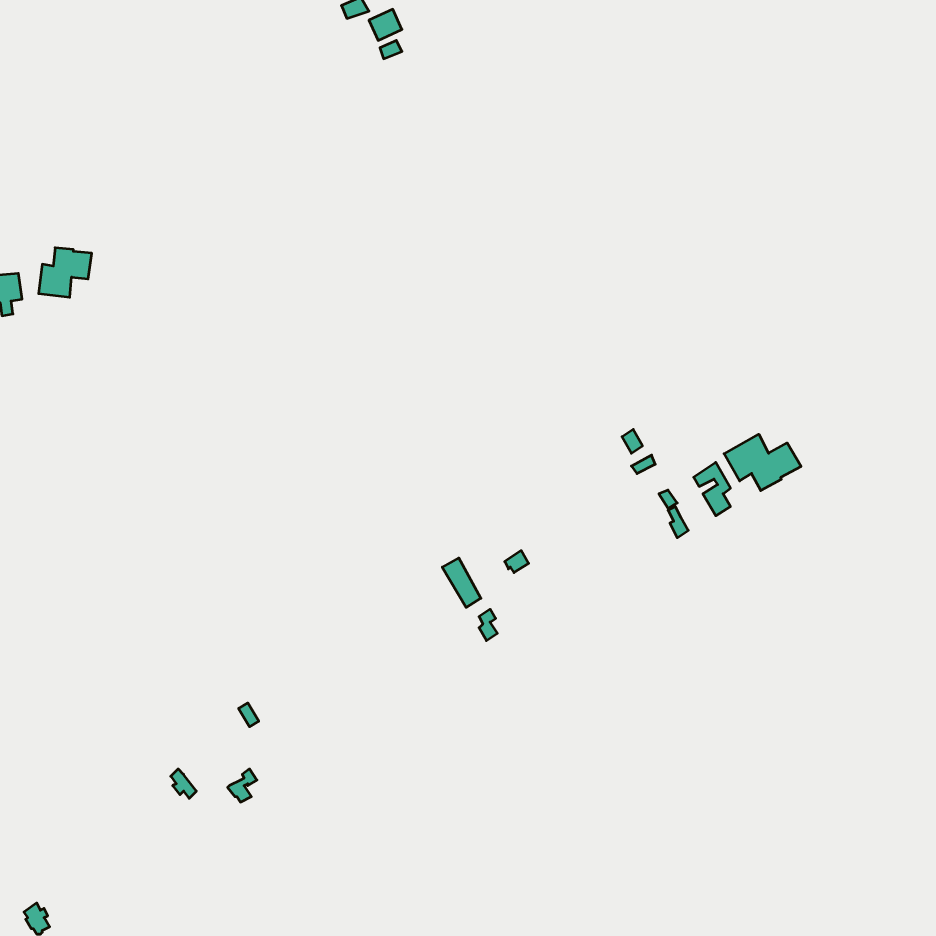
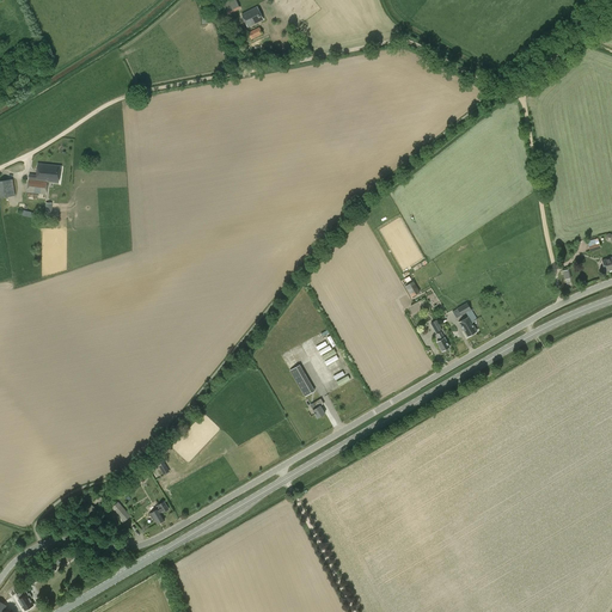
building: [724,434,801,491] -> none

